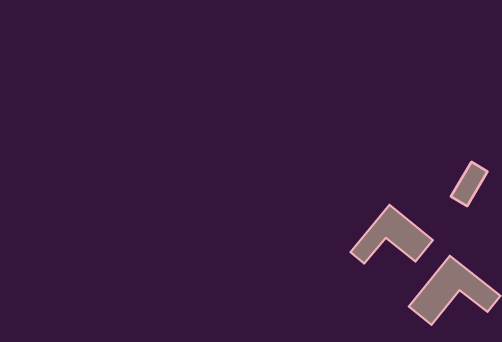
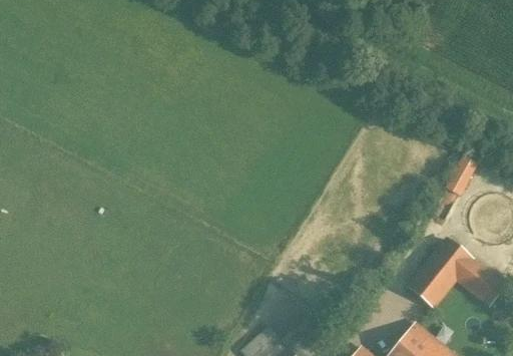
building: [350,205,433,263] -> none

